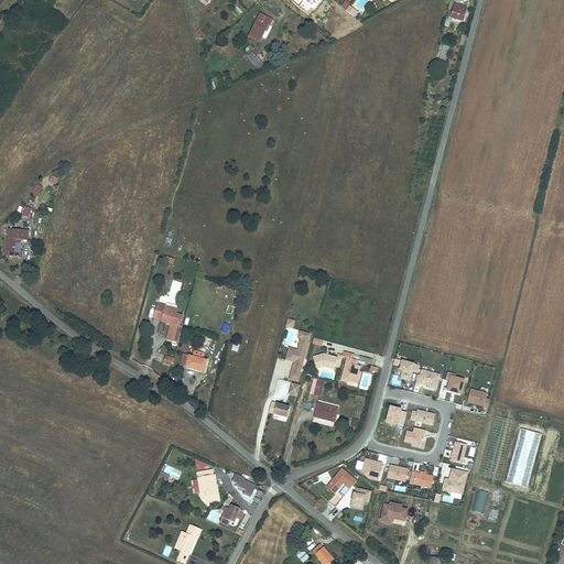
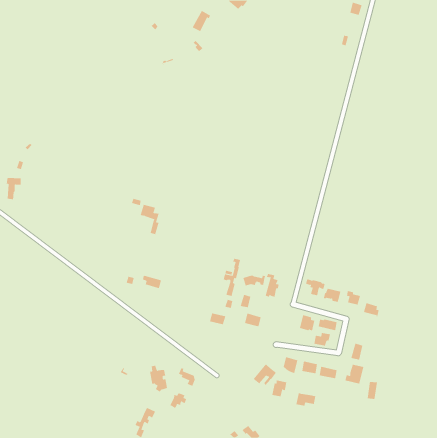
building: [158,302,183,341] -> [140,204,159,235]
building: [506,427,540,487] -> none

